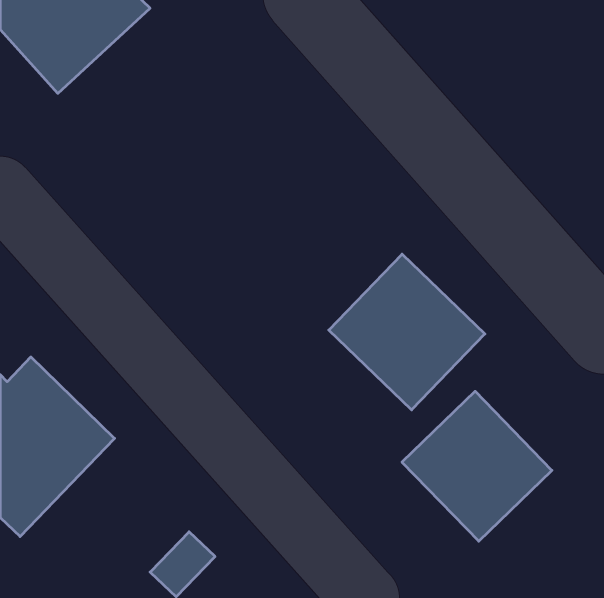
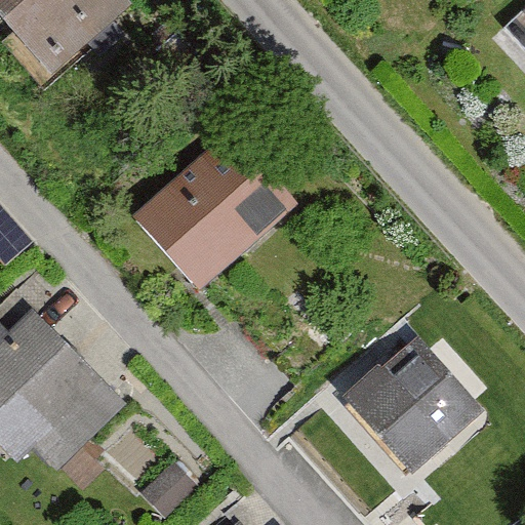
building: none -> [132,129,293,291]
building: [329,254,485,410] -> none

